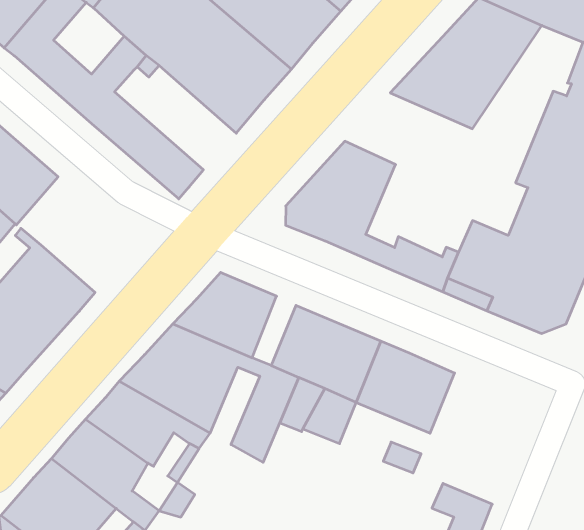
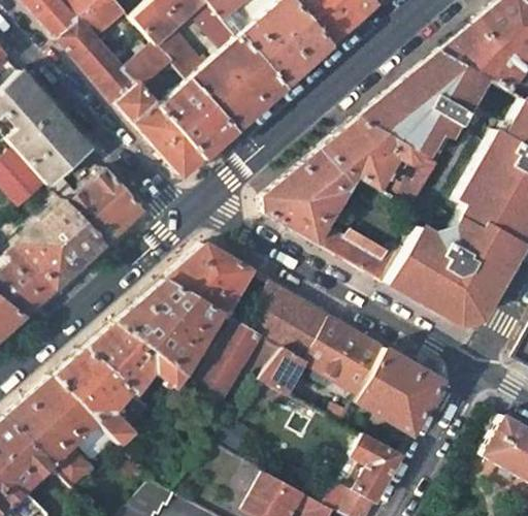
building: none -> [143,73,236,160]
building: none -> [322,118,438,208]
building: none -> [69,170,145,247]
building: none -> [355,348,443,436]

